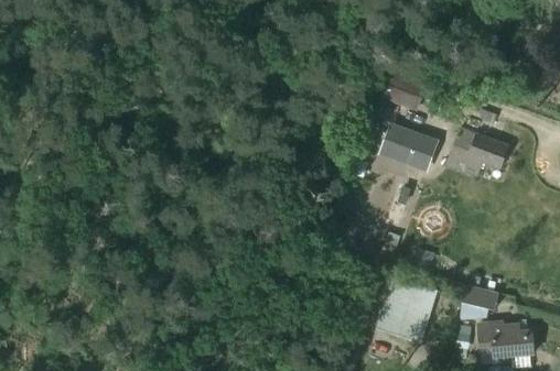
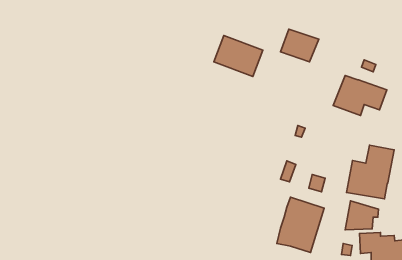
building: [378,122,438,172] -> [214,36,263,76]
building: none -> [347,145,394,199]

